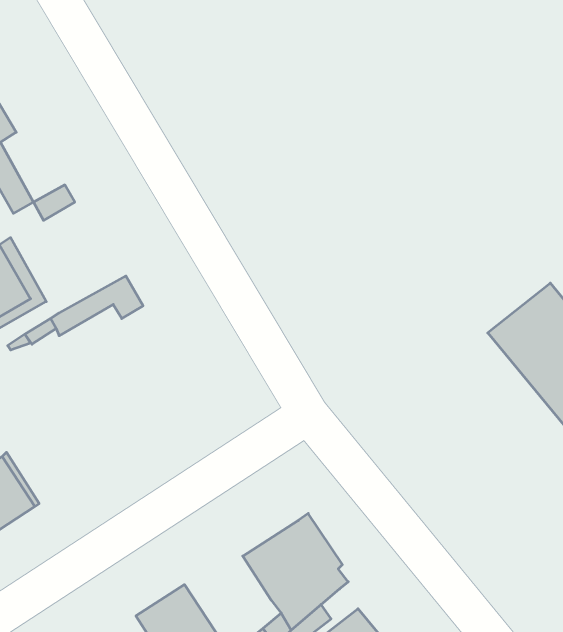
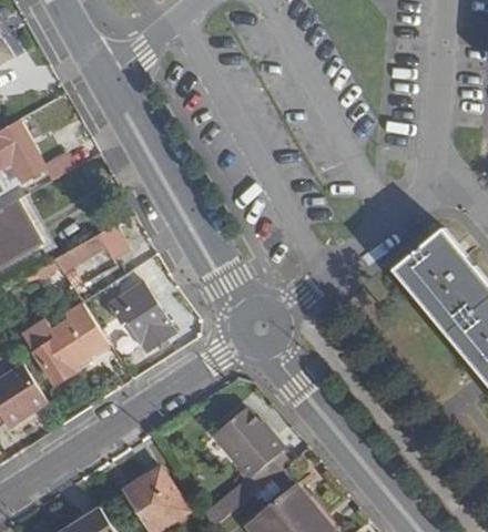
building: none -> [109,283,173,350]
building: none -> [22,304,106,385]

